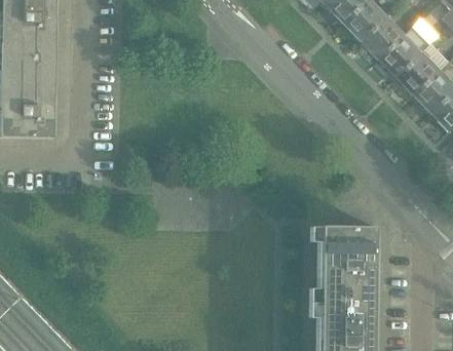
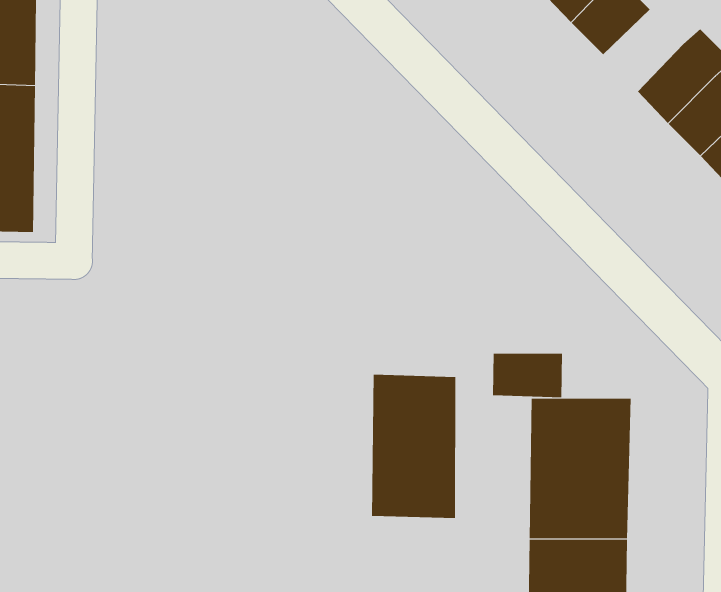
building: [361,16,404,61] -> none
building: none -> [492,353,563,398]
building: none -> [371,374,456,519]

